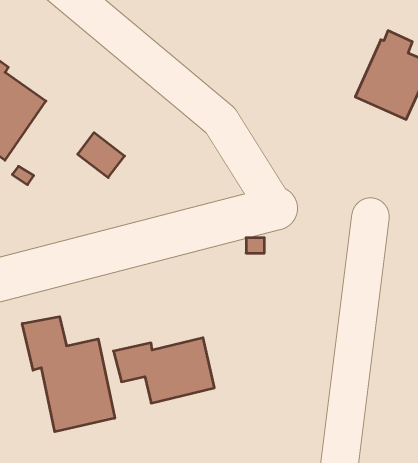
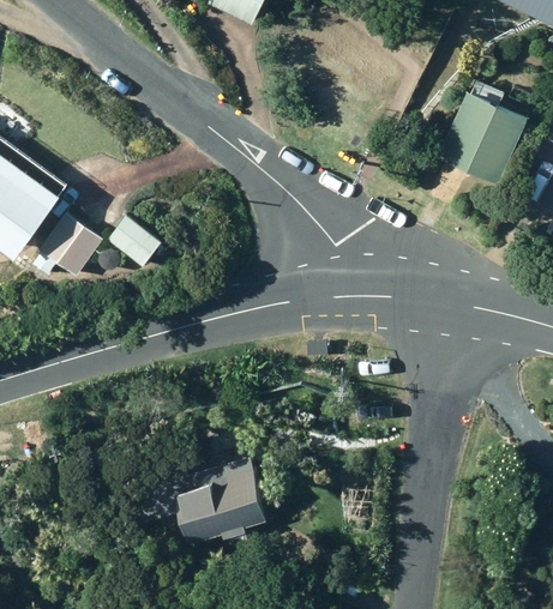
building: none -> [38,213,103,277]
building: [22,317,115,432] -> none

